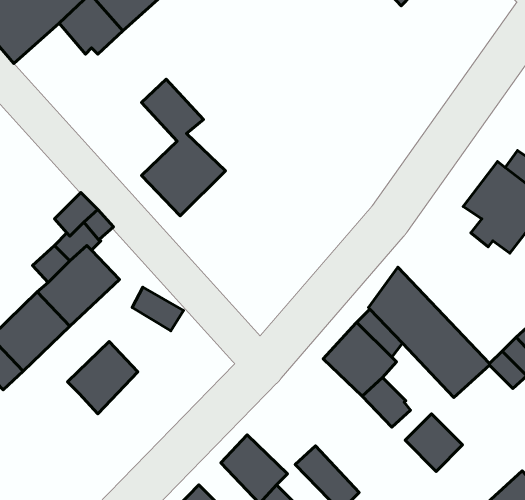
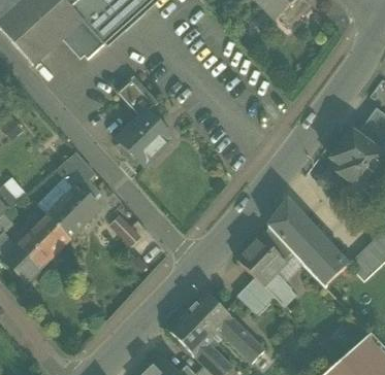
building: [67,342,138,414] -> none
building: none -> [187,291,232,336]
building: [405,414,463,471] -> [236,277,275,315]

